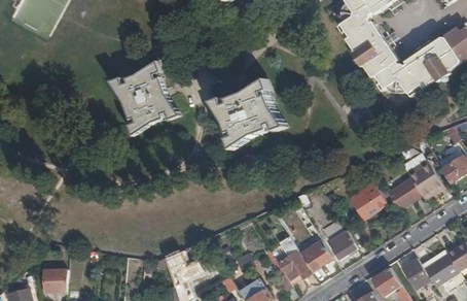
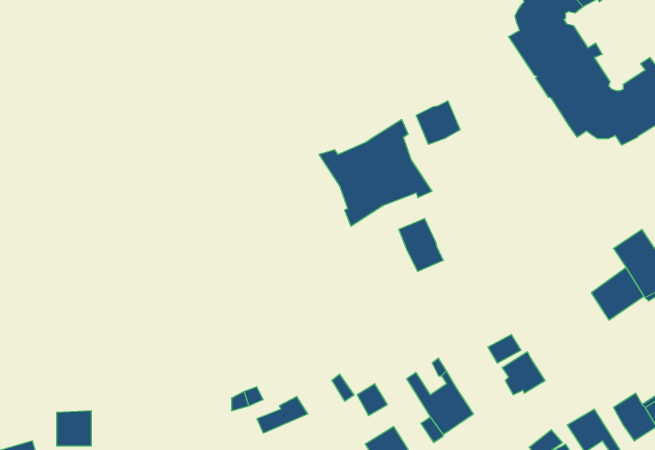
building: [112,62,180,135] -> none
building: none -> [416,101,460,144]
building: none -> [399,218,443,271]
building: [352,181,387,218] -> none
building: [300,238,332,270] -> none

